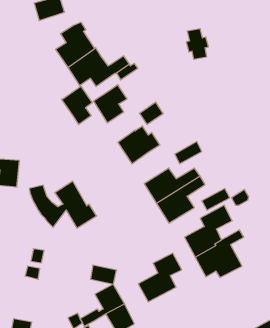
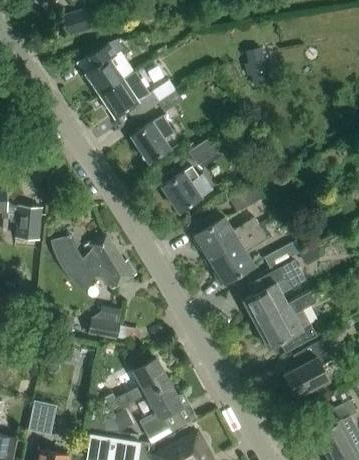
building: [62,86,92,125] -> none
building: [138,253,182,302] -> [283,339,336,398]
building: [90,265,117,284] -> [89,317,121,340]

